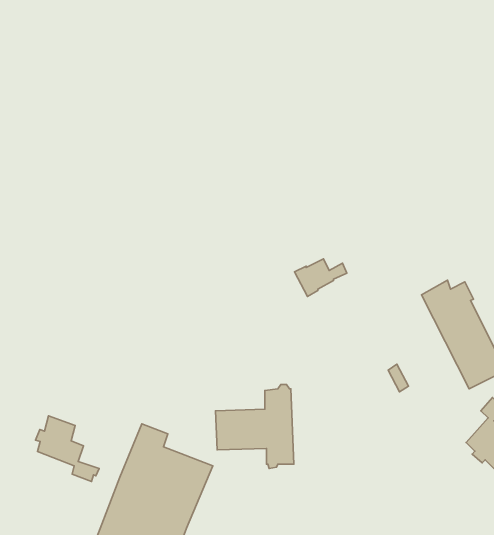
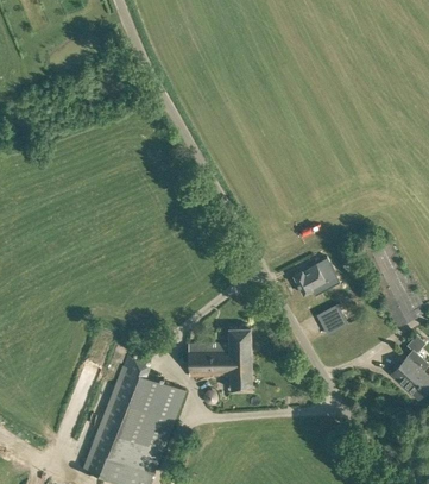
building: [295,259,347,296] -> [292,265,335,296]
building: [36,416,99,482] -> none

